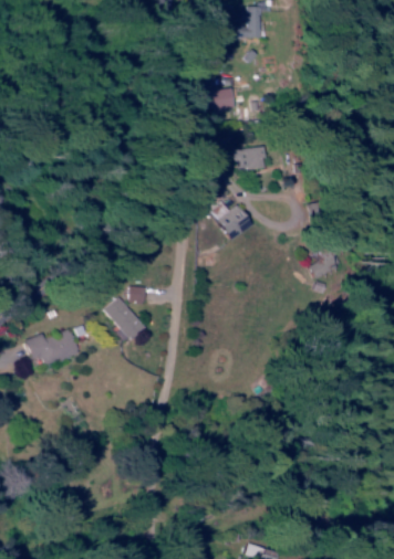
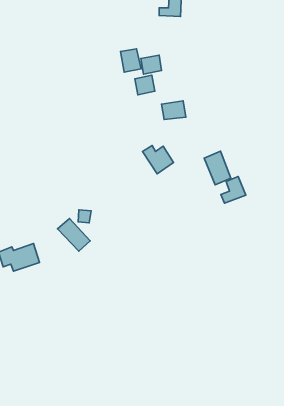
building: none -> [120,49,141,72]
building: none -> [135,75,155,95]
building: none -> [204,151,231,185]

